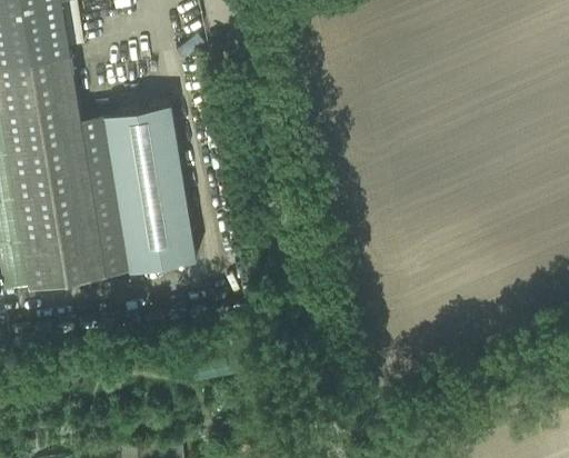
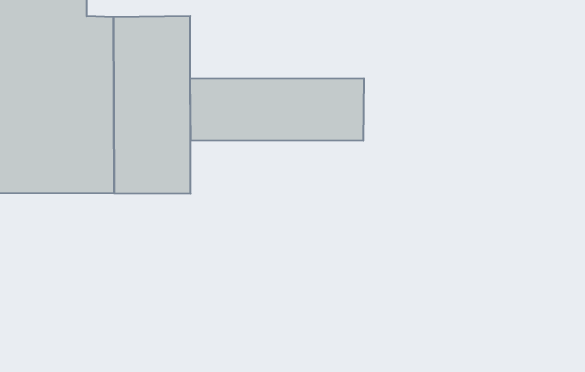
building: none -> [190,78,364,141]

